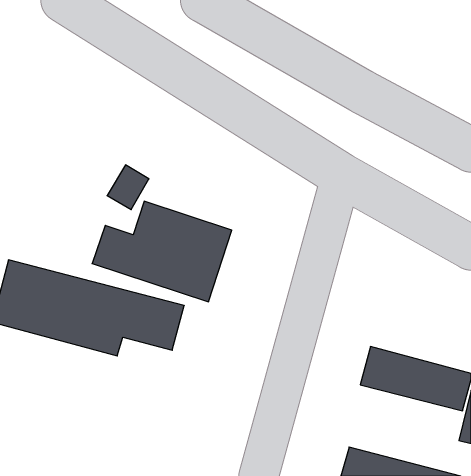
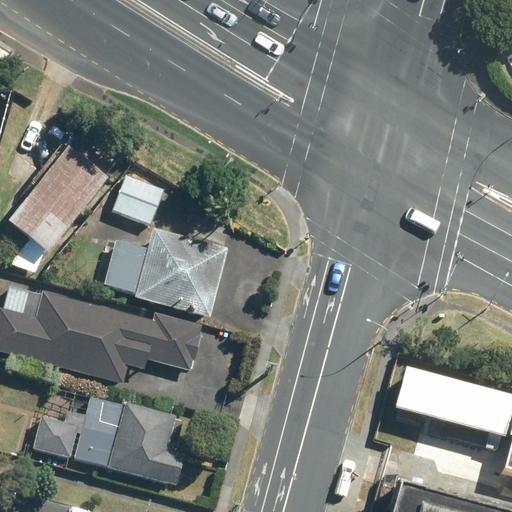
building: none -> [10,144,113,251]
building: none -> [31,392,196,489]

